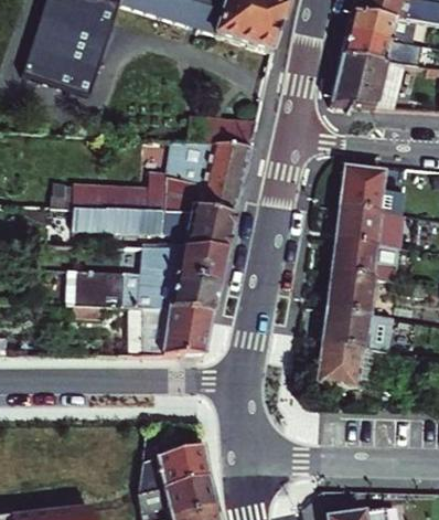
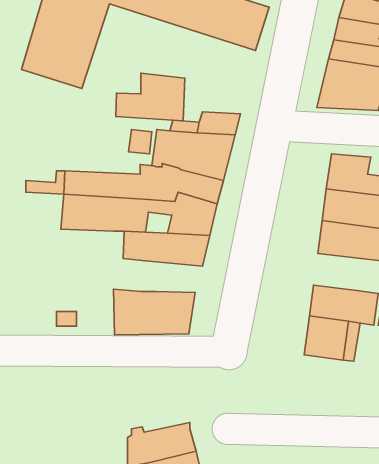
building: none -> [116,73,185,121]
building: [330,268,379,307] -> none
building: [66,272,214,309] -> none

